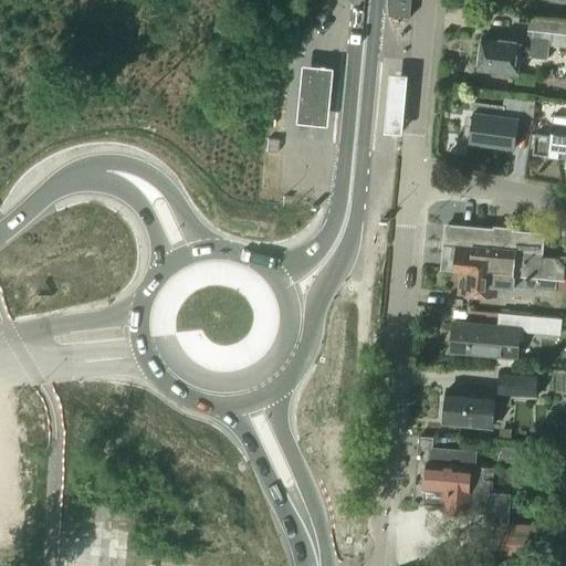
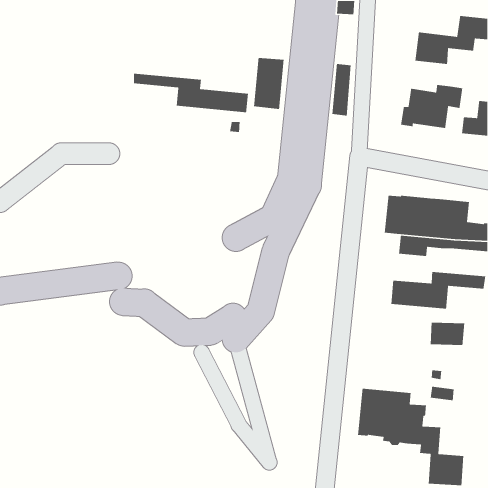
building: none -> [133,73,249,113]
building: [443,390,495,429] -> none

